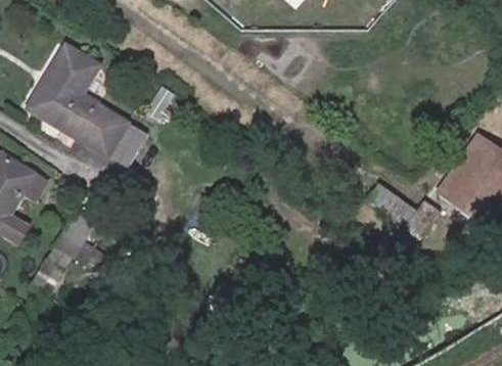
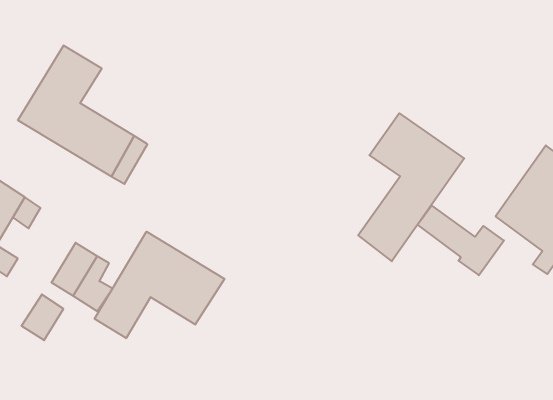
building: none -> [358,113,464,261]
building: none -> [95,232,224,338]

